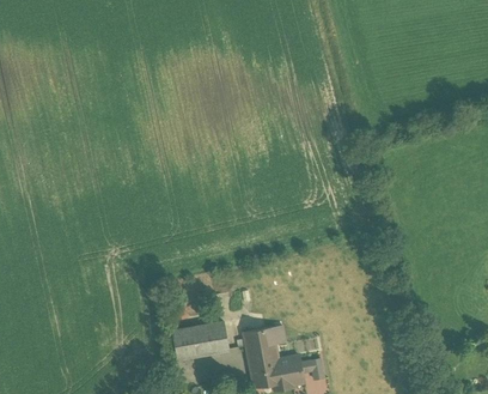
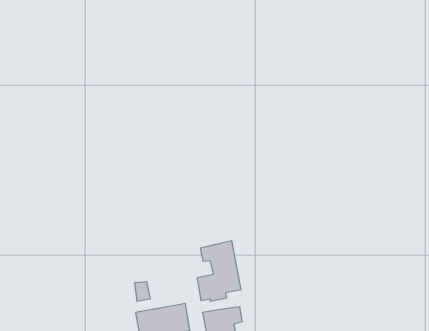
building: none -> [197,241,241,301]

